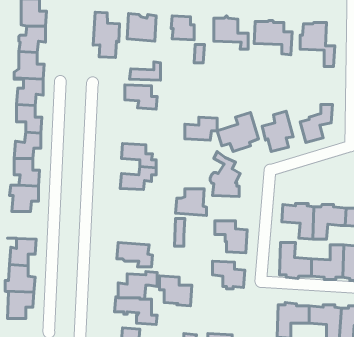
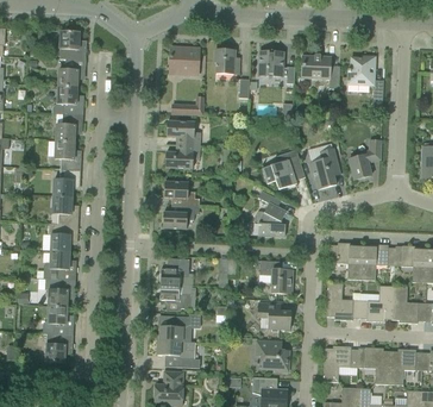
building: [93,12,120,58] -> none
building: [185,117,217,140] -> [165,144,199,168]
building: [176,189,207,215] -> [159,258,192,286]
building: none -> [43,251,76,280]
building: [159,276,192,306] -> [256,340,289,371]

